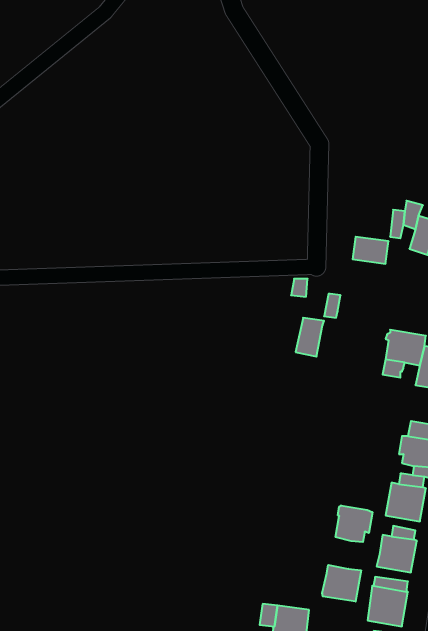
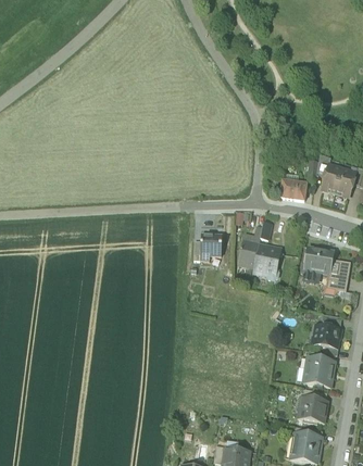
building: none -> [200,235,222,260]
building: none -> [253,243,283,278]
building: [336,505,372,542] -> none
building: [322,565,361,602] -> none

